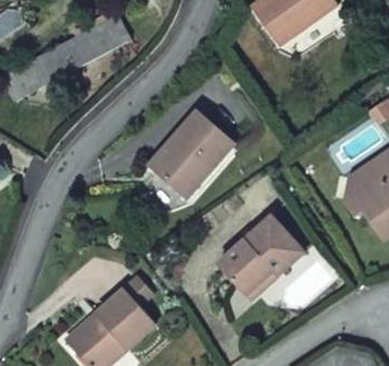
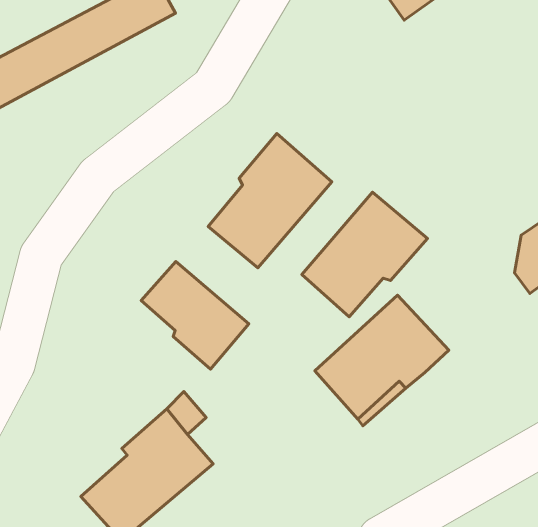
building: none -> [302,192,427,317]
building: none -> [141,261,249,369]

